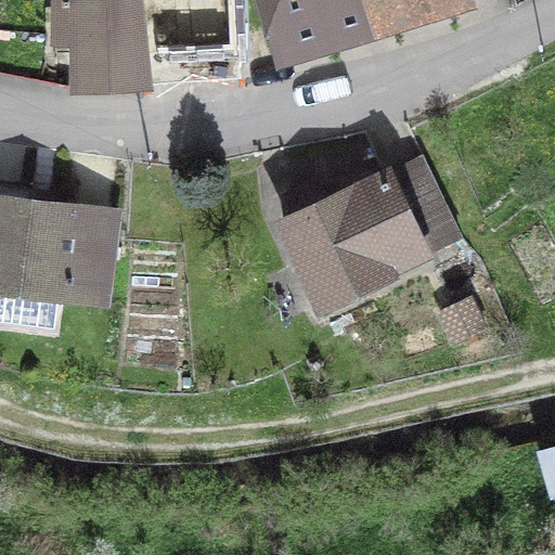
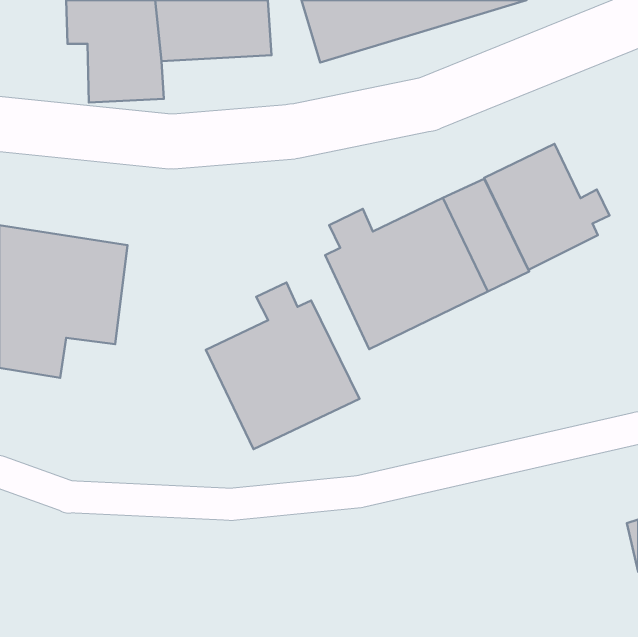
building: none -> [484,144,610,270]
building: none -> [206,283,359,449]

